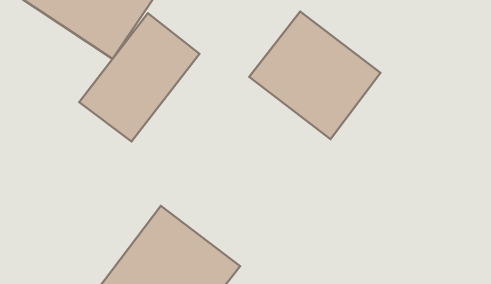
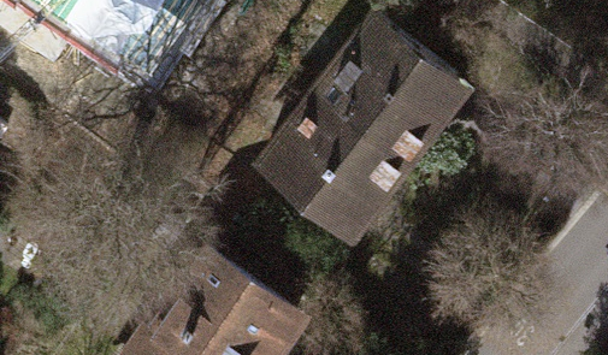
building: [79,13,200,141] -> none
building: none -> [249,93,407,247]

